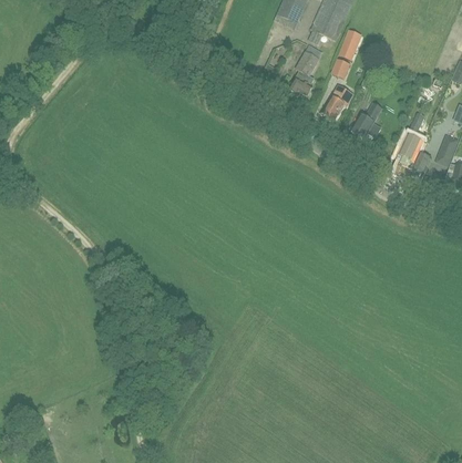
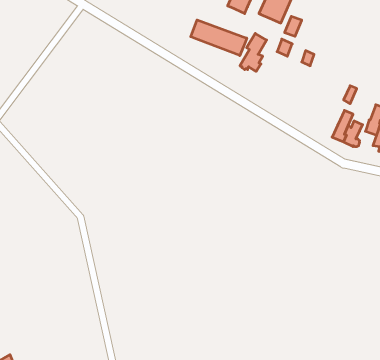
building: none -> [191,20,247,56]
building: [321,83,353,119] -> none
building: [350,101,382,137] -> none

